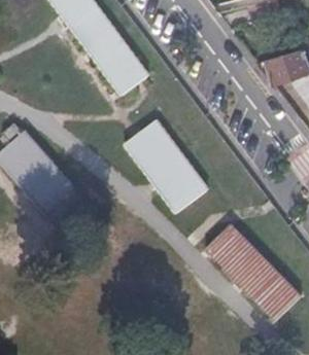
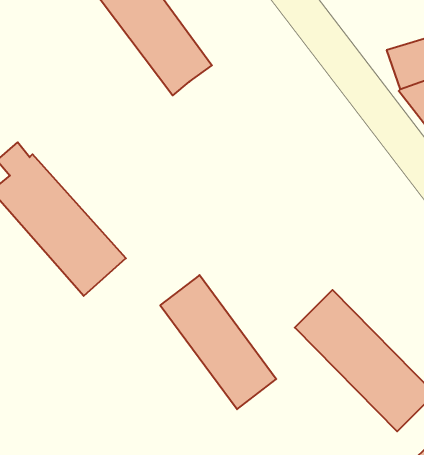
building: [127,120,206,212] -> [160,275,276,409]

